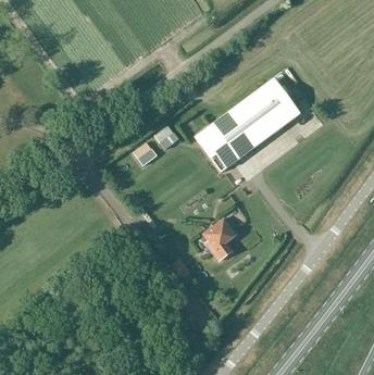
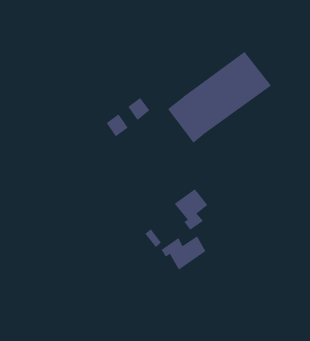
building: none -> [161,236,206,270]

